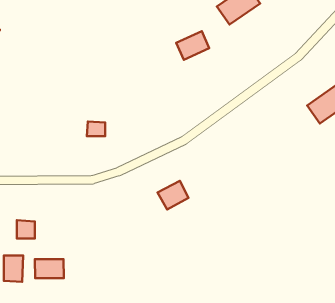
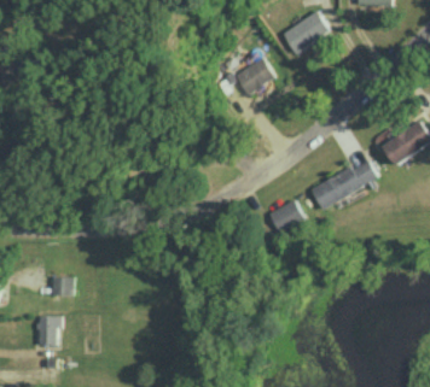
building: none -> [312,159,379,209]
building: [158,181,188,209] -> [271,200,306,233]
building: [35,259,64,278] -> none

